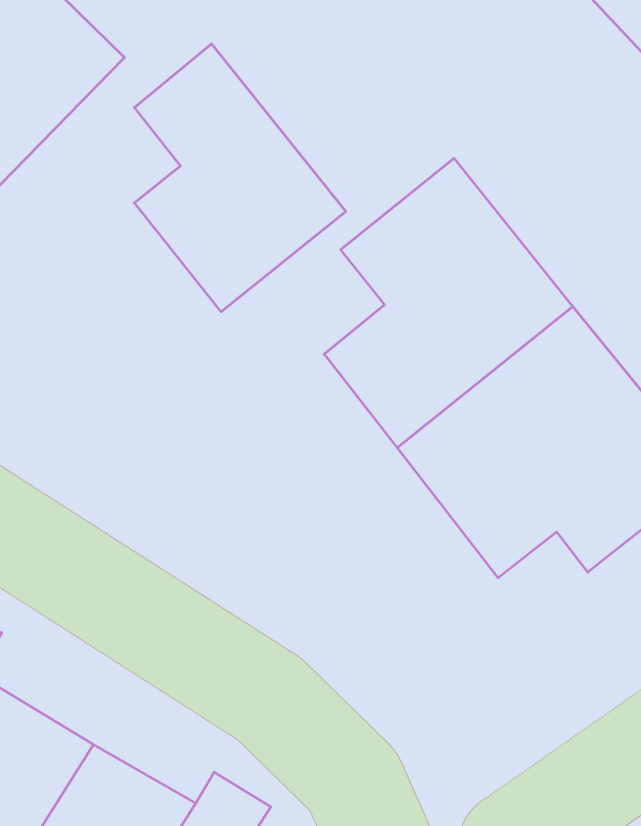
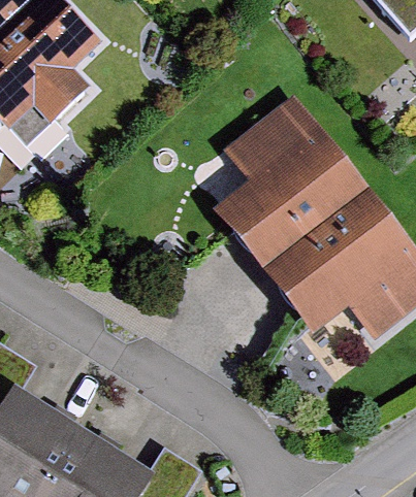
building: [134,44,346,312] -> none

